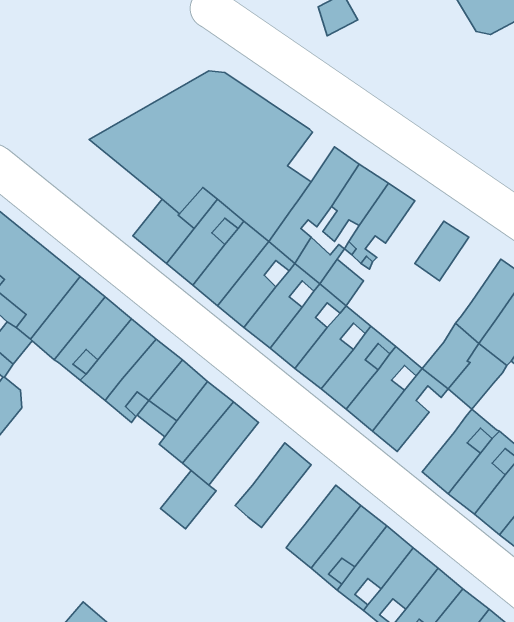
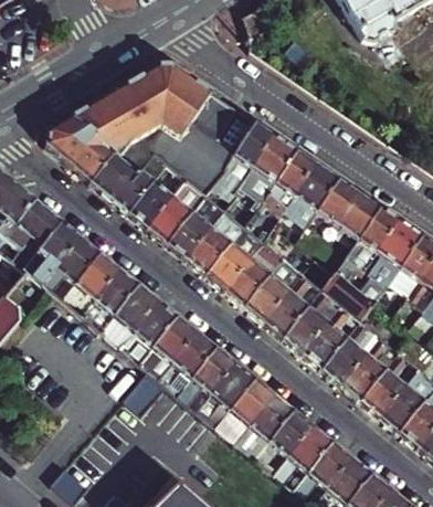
building: none -> [47,116,126,189]
building: none -> [295,162,339,210]
building: none -> [336,190,382,239]
building: none -> [304,305,360,368]
building: none -> [172,330,219,393]
building: none -> [210,362,257,425]

